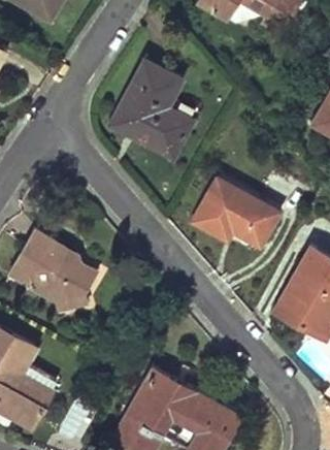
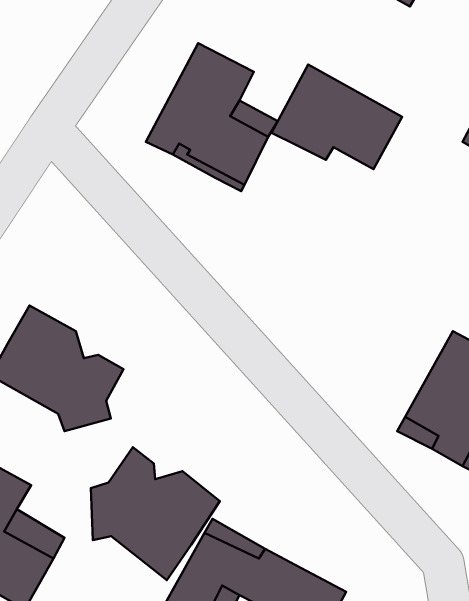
building: [192,179,276,247] -> [272,64,402,169]
building: none -> [91,447,220,580]

